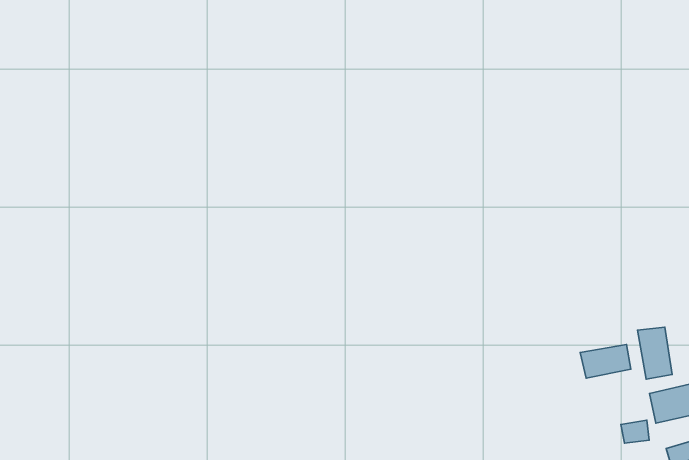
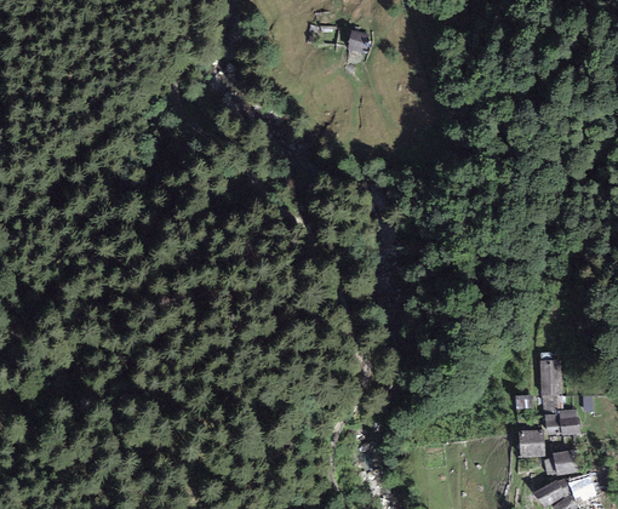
building: [580,344,631,378] -> none

